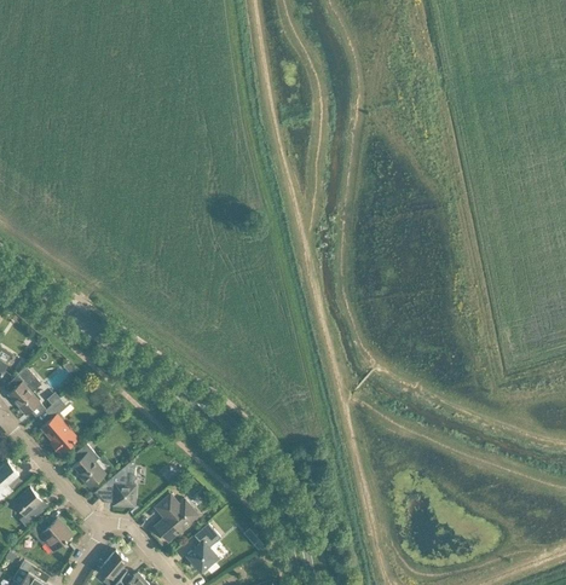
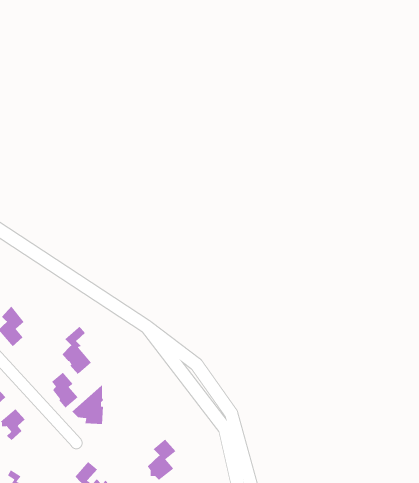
building: [41,395,77,453] -> [61,326,92,375]
building: [155,493,200,541] -> none
building: [31,519,71,549] -> none

